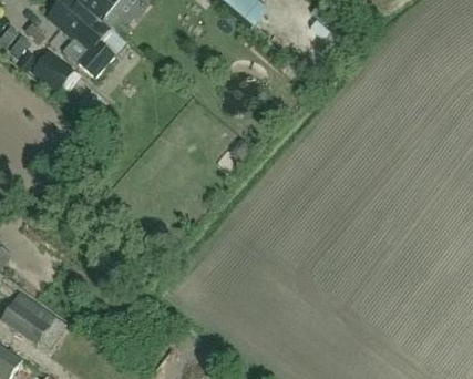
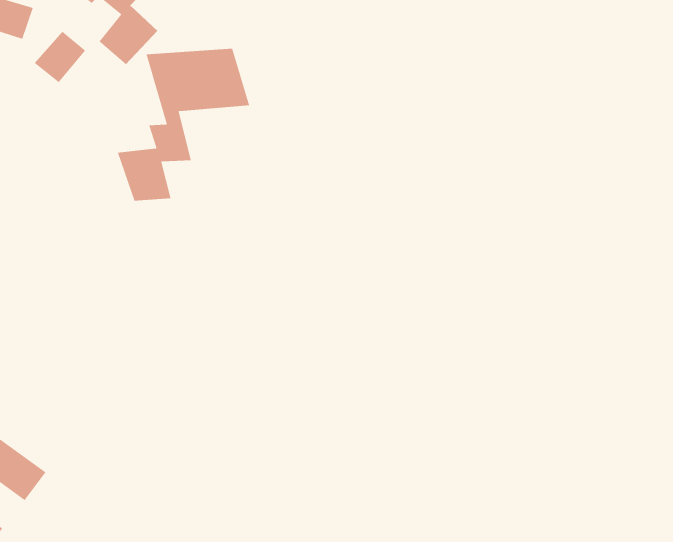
building: none -> [117,48,250,202]

